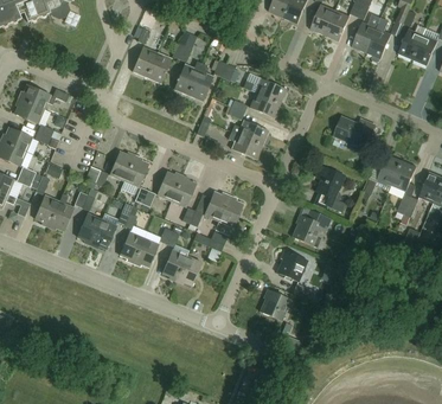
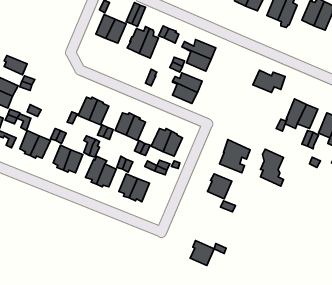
building: [19,83,70,108] -> none
building: [315,165,345,212] -> [261,149,284,186]
building: [260,288,290,320] -> [190,241,214,266]

